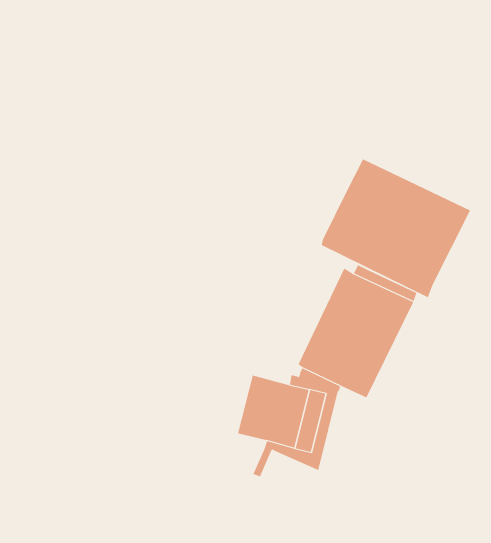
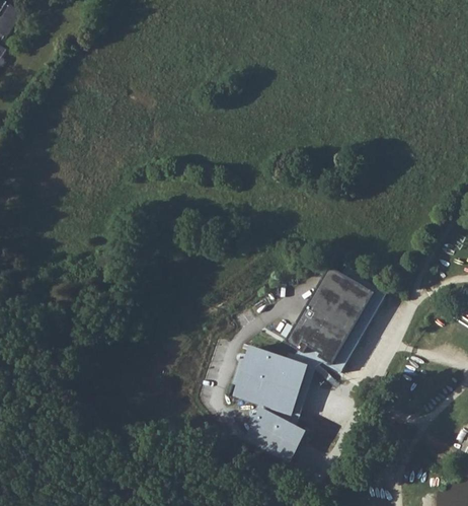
building: [321,158,471,298] -> none
building: none -> [244,409,304,460]

